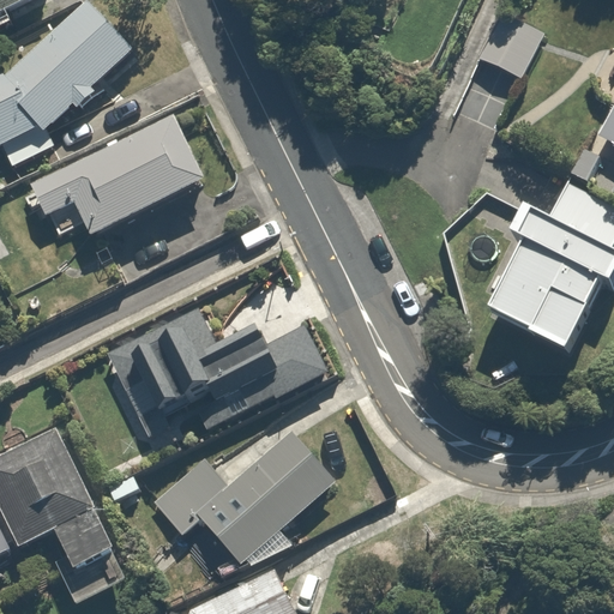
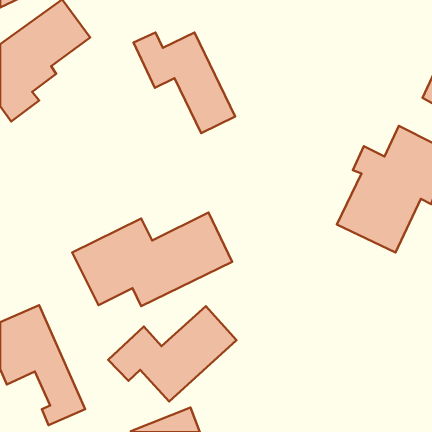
building: [481,12,543,77] -> none
building: none -> [133,33,235,133]
building: [28,115,204,237] -> none

